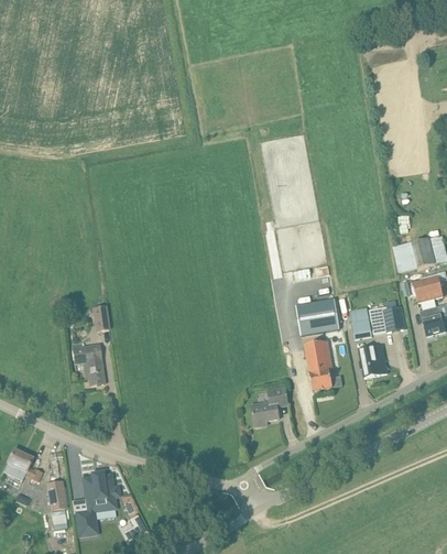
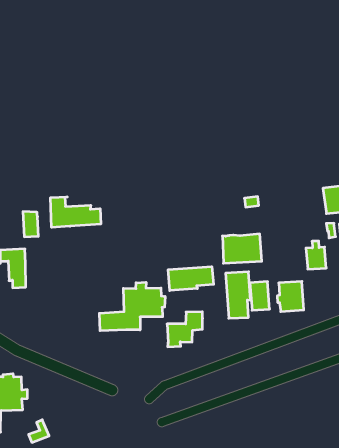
building: none -> [51,197,101,227]
building: [349,306,372,337] -> [250,282,270,310]
building: none -> [168,267,214,291]
building: none -> [99,282,165,331]

